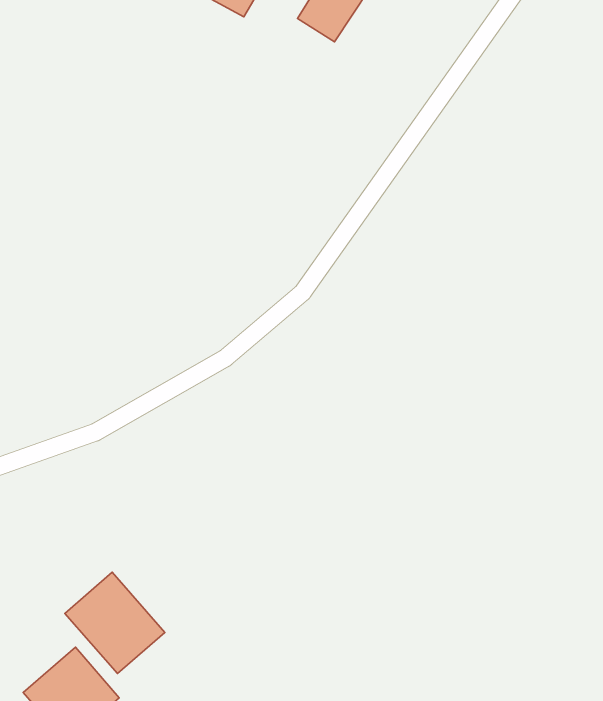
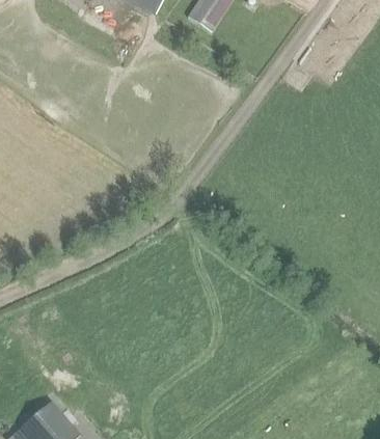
building: [65,572,165,674] -> none

